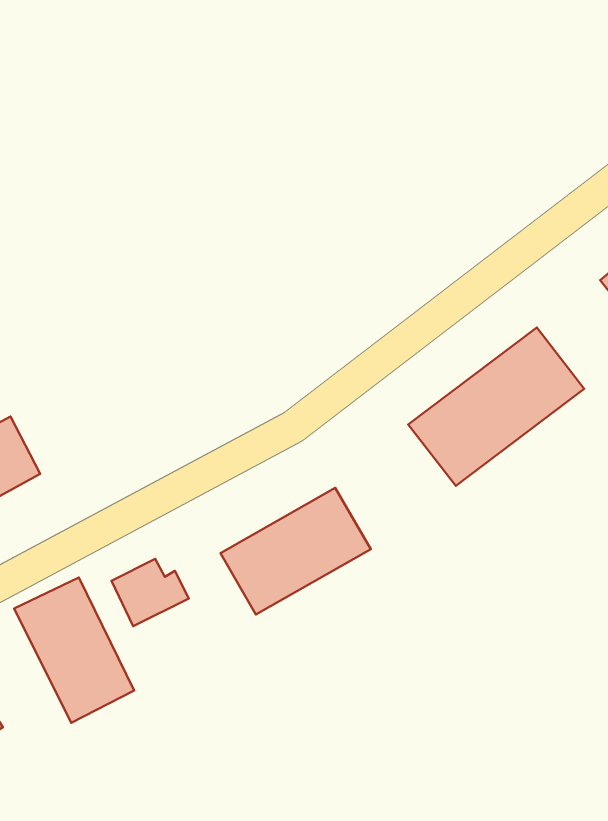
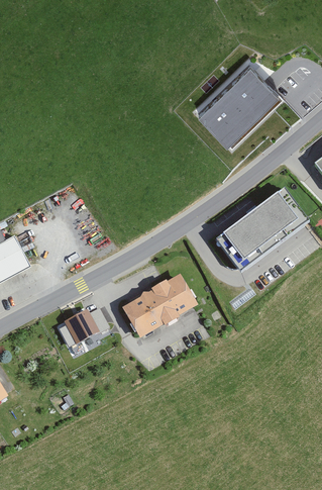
building: none -> [197,64,280,146]
building: [14,578,134,723] -> none

